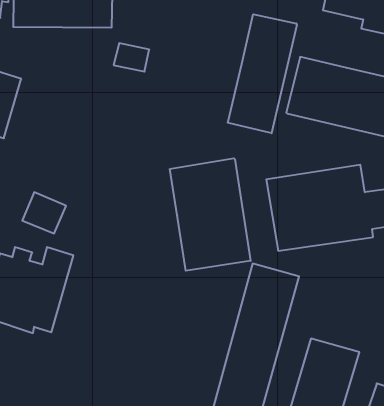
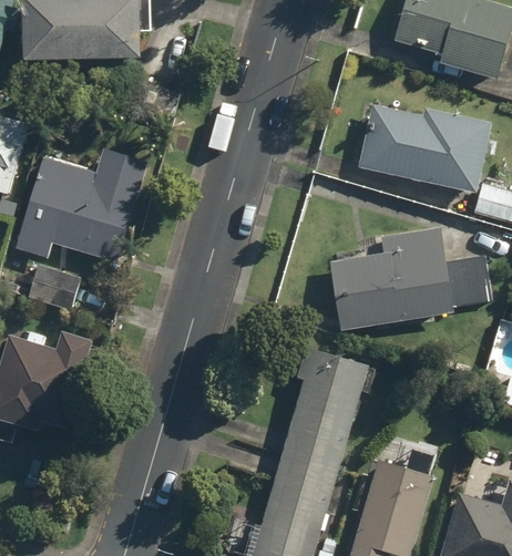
building: [228,14,297,133] -> none
building: none -> [22,147,145,259]
building: [170,158,251,271] -> none

